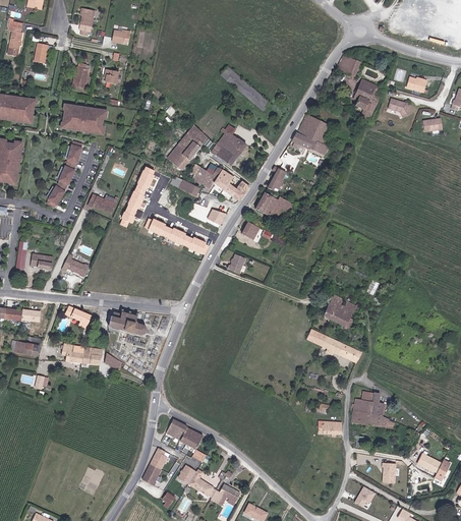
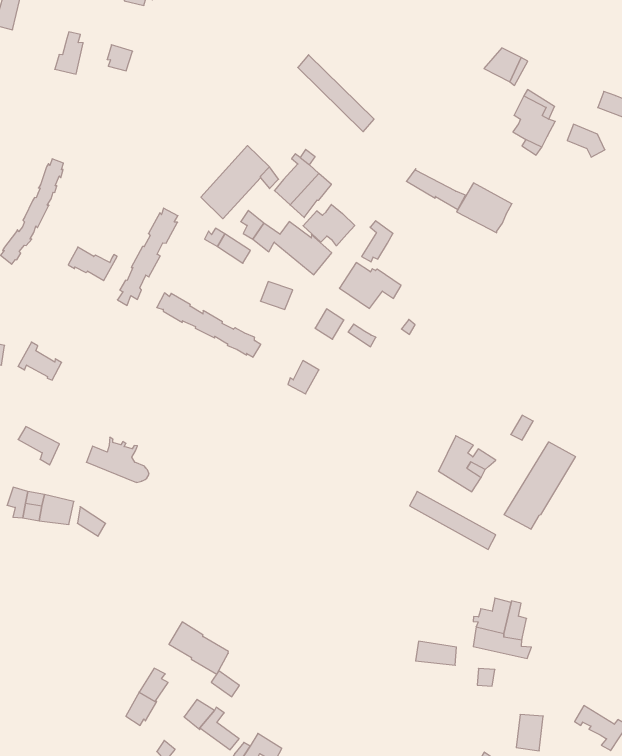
building: [64,104,105,133] -> none
building: [297,114,331,143] -> [457,183,512,233]
building: none -> [303,204,355,246]
building: none -> [504,442,575,529]

